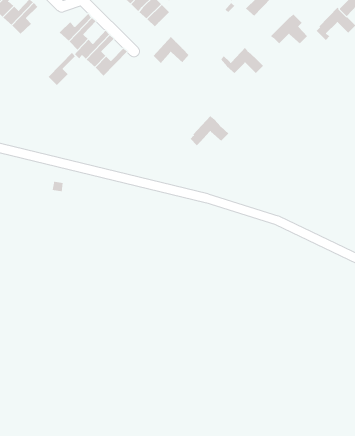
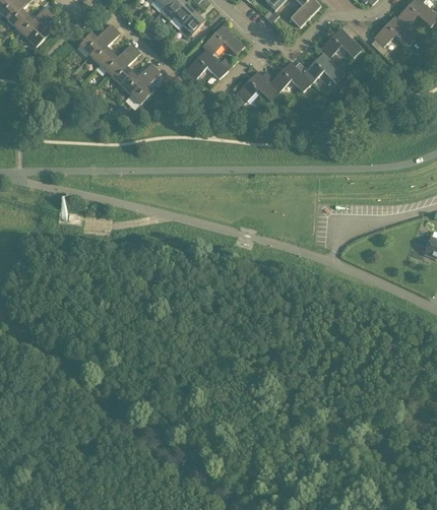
building: none -> [202,24,244,55]
building: none -> [294,52,344,82]
building: [48,52,76,86] -> [129,66,161,105]
building: [190,116,229,146] -> [233,71,277,106]

